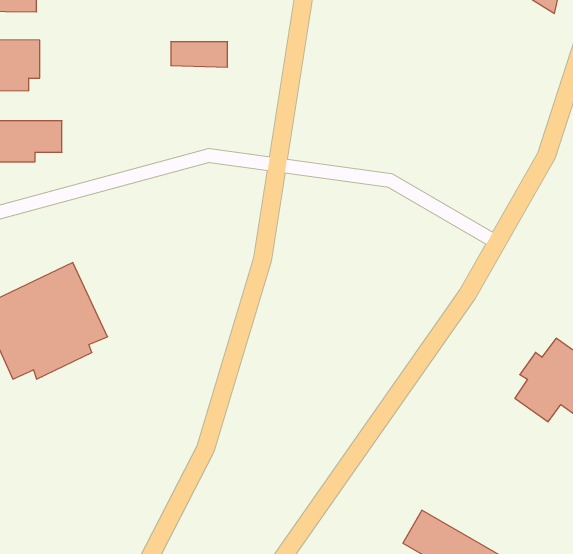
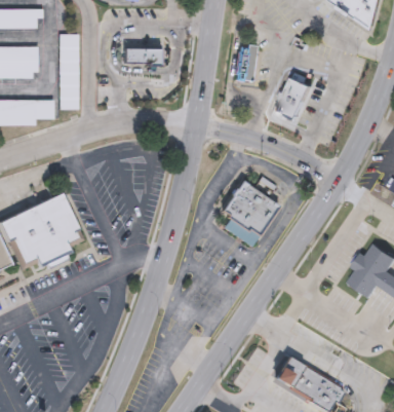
building: none -> [60,34,79,110]
building: none -> [235,44,259,83]
building: none -> [273,80,313,126]
building: none -> [221,178,278,244]

